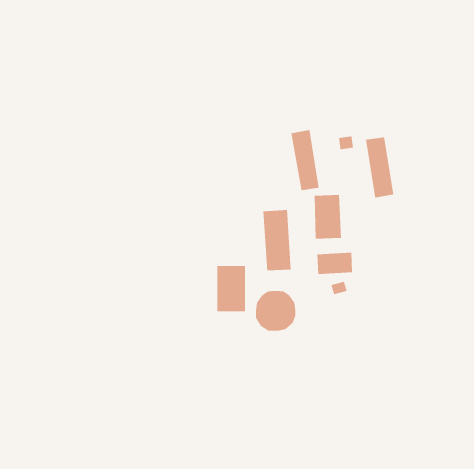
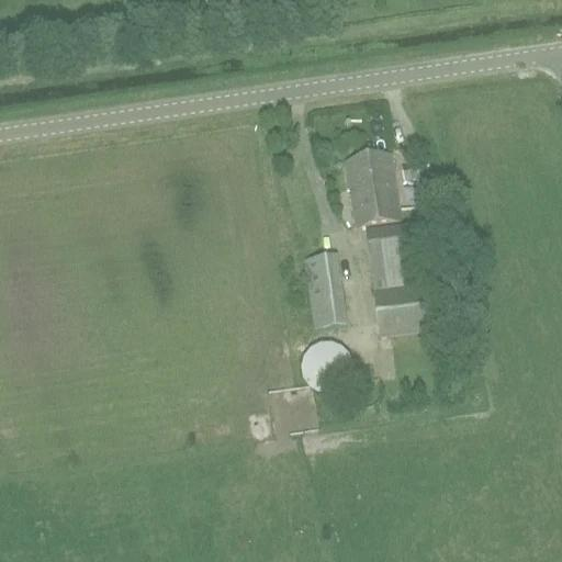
building: [365,137,394,198] -> [366,149,400,222]
building: [217,265,246,312] -> none

